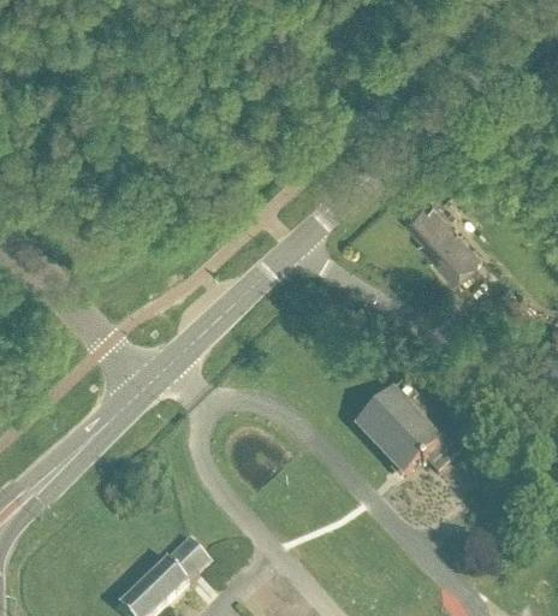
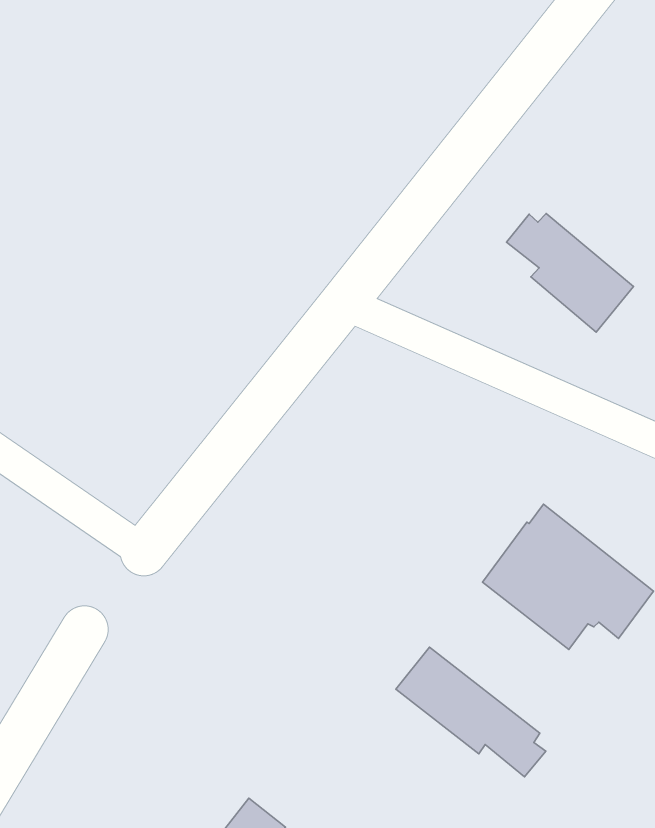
building: none -> [396,647,546,777]

